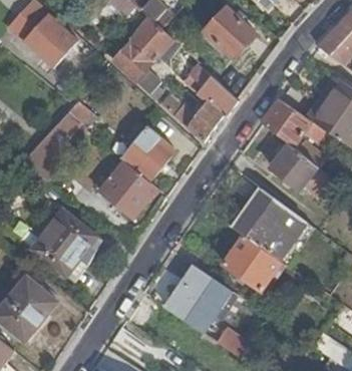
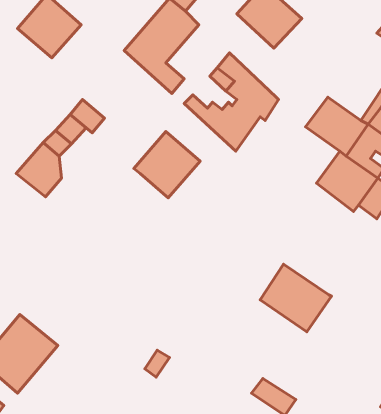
building: [99,160,156,217] -> none
building: [232,188,305,260] -> none
building: [31,210,101,280] -> none
building: [167,266,228,329] -> none

